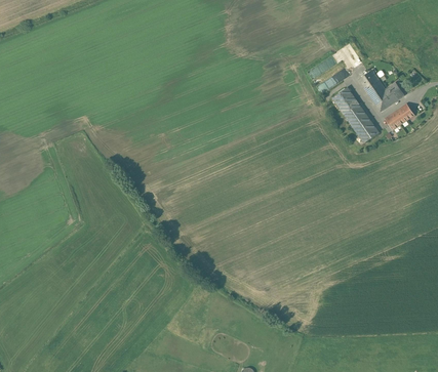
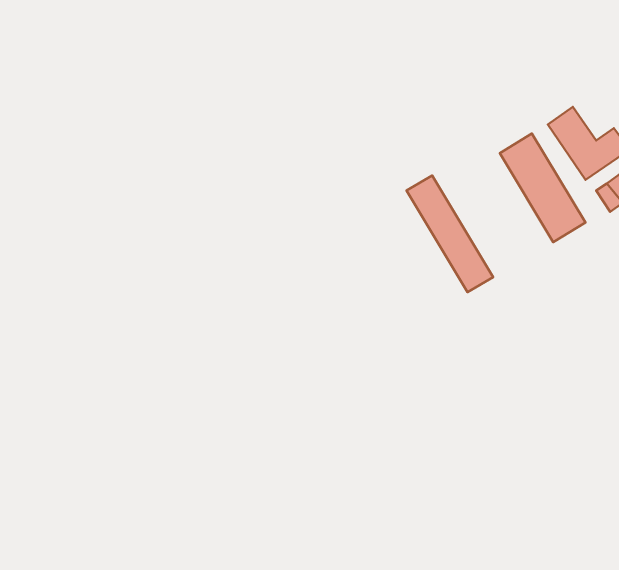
building: none -> [406,176,493,292]

